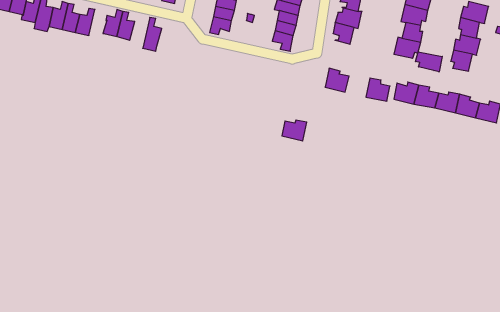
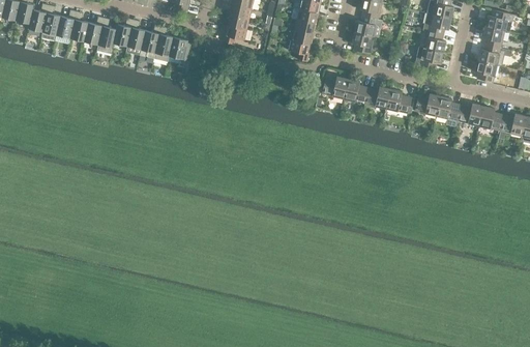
building: none -> [97,18,117,53]
building: none -> [140,25,161,58]
building: none -> [169,37,194,60]
building: [416,52,442,72] -> none
building: none -> [364,86,390,109]
building: [282,120,307,141] -> [322,77,348,98]

